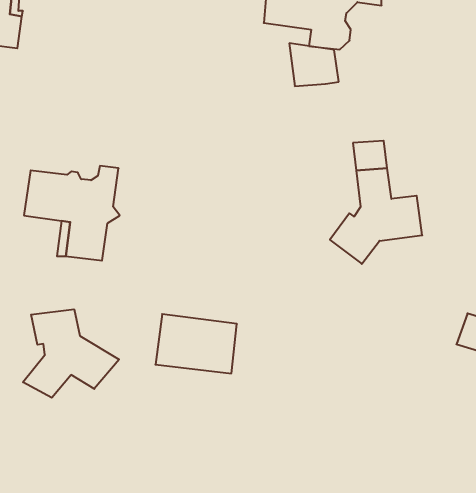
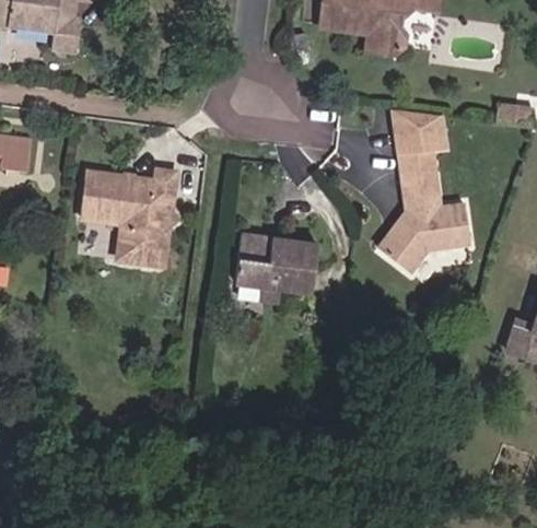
building: [289,43,339,86] -> [401,105,451,148]
building: [23,309,119,398] -> none
building: [155,314,237,373] -> [233,233,314,292]

